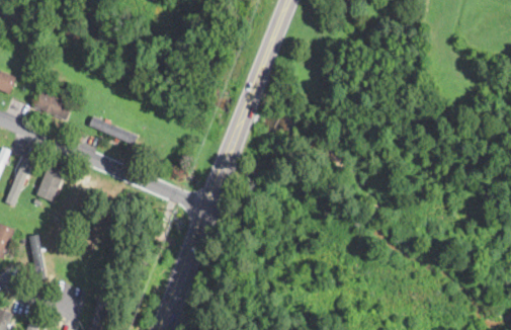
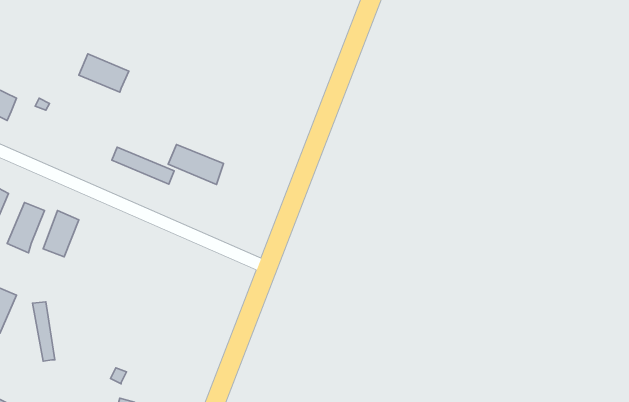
building: [33,91,72,120] -> [79,54,129,92]
building: none -> [168,144,224,185]

